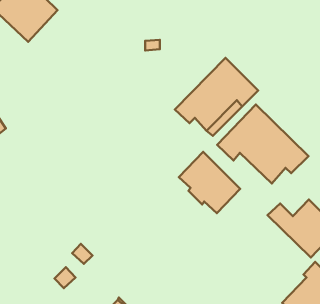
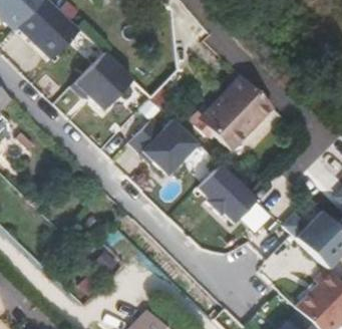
building: none -> [75,55,135,112]
building: none -> [131,119,201,176]
building: [217,105,308,183] -> none

